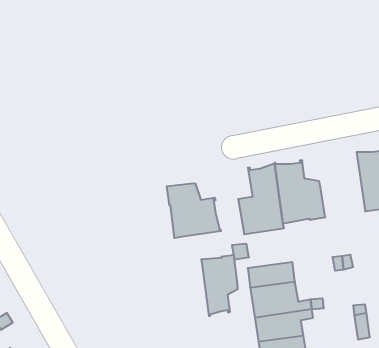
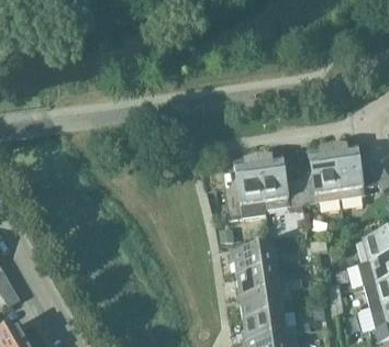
building: none -> [299,145,340,204]
building: [167,183,221,238] -> none
building: [202,255,238,316] -> none

